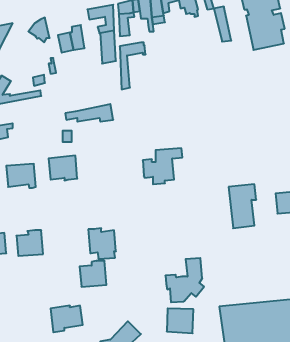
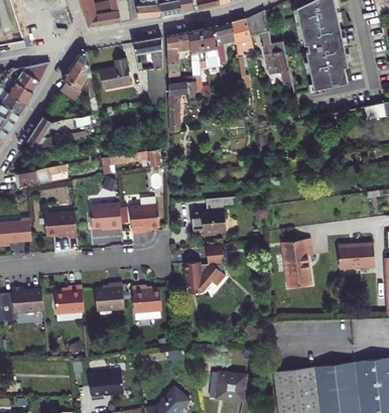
building: none -> [57,68,84,103]
building: none -> [128,204,158,235]
building: [165,258,204,302] -> [184,244,227,292]
building: [80,261,106,287] -> [95,282,124,310]

